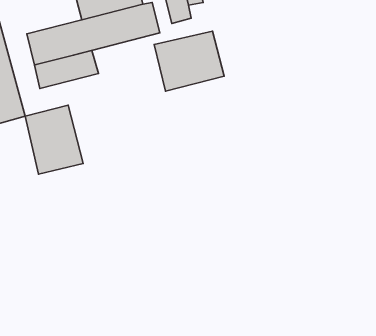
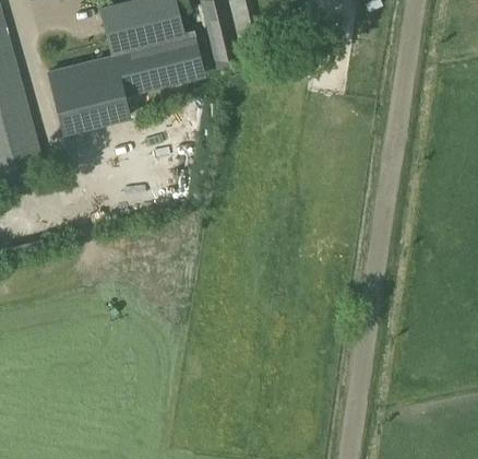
building: [154,31,224,91] -> none
building: [25,105,83,174] -> none

